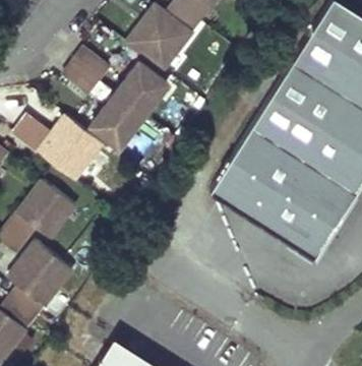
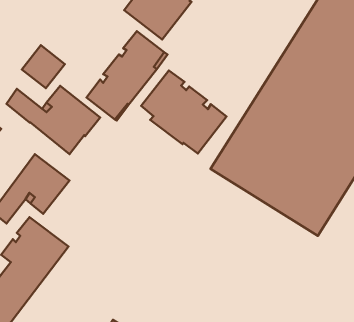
building: [65,48,107,89] -> [22,45,65,88]
building: none -> [141,70,227,153]

